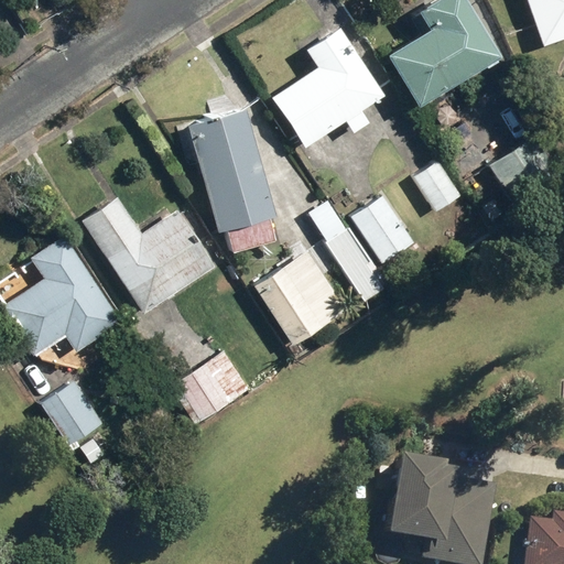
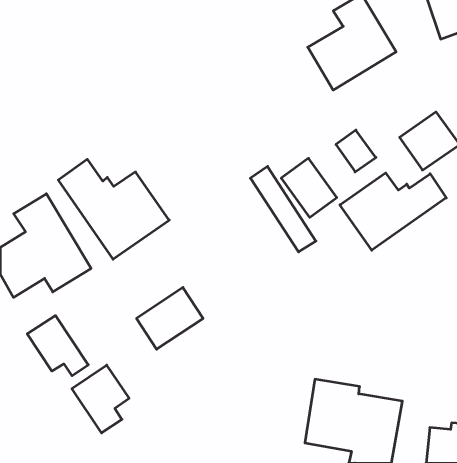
building: [271,28,386,149] -> none
building: [189,111,278,250] -> none
building: none -> [340,173,446,250]
building: [254,256,340,343] -> none
building: none -> [72,365,129,433]

